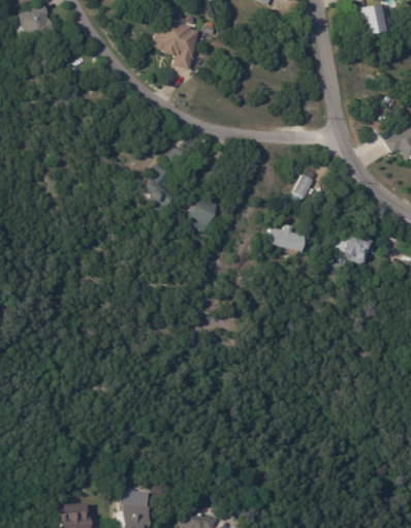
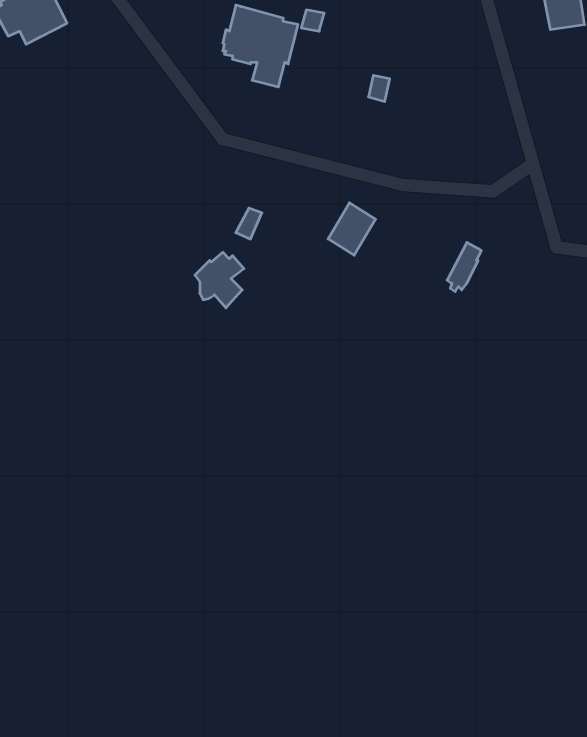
building: [190,195,220,228] -> [328,203,376,255]
building: [264,225,304,252] -> none
building: [333,231,375,267] -> none

